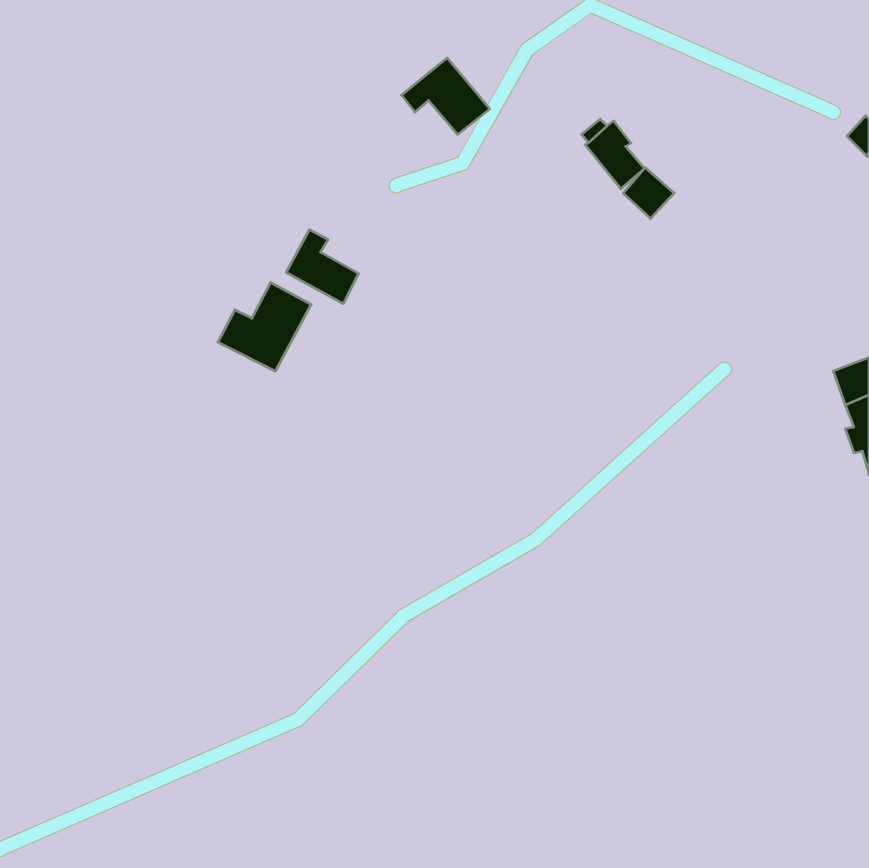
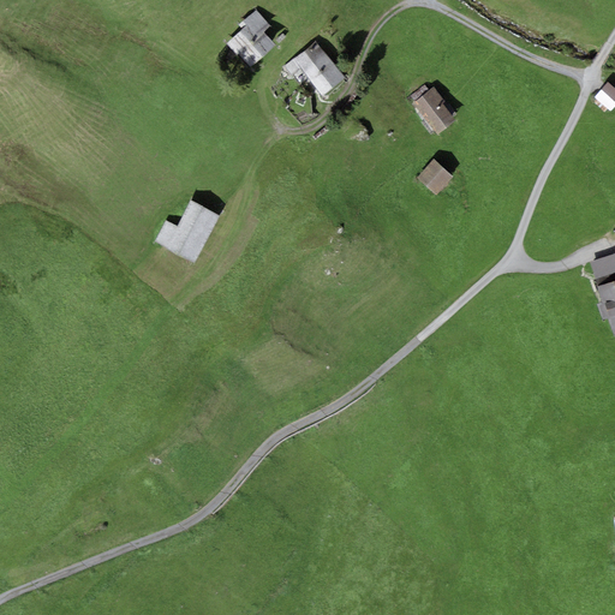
building: none -> [227,8,276,66]
building: [623,168,674,219] -> [417,159,453,195]
building: [286,230,359,304] -> none

